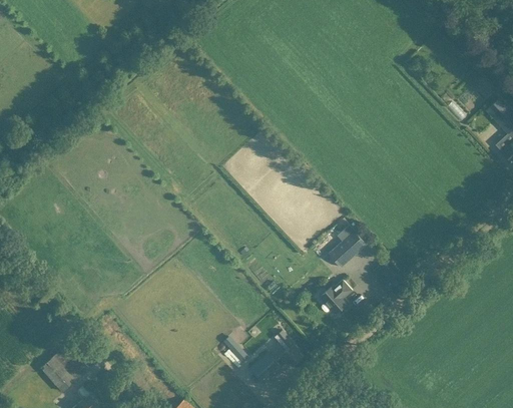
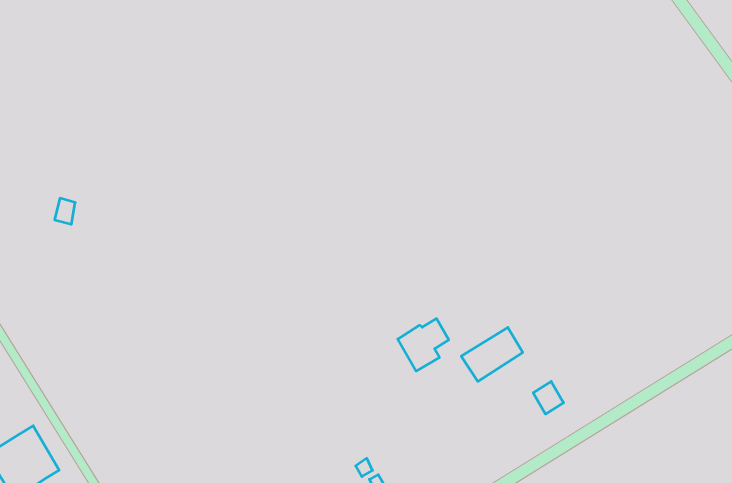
building: [320,279,352,314] -> [398,319,449,371]

